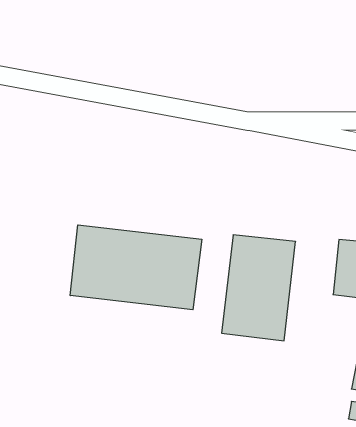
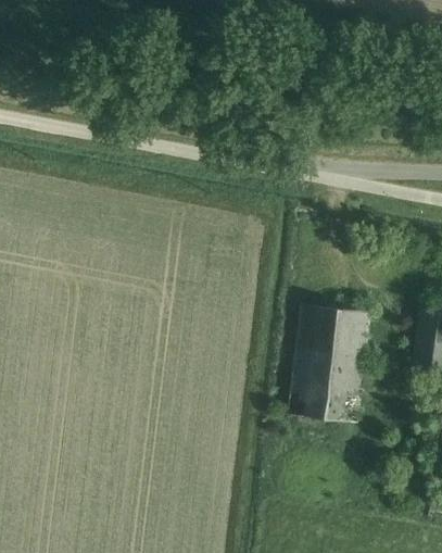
building: [70,225,202,310] -> none

